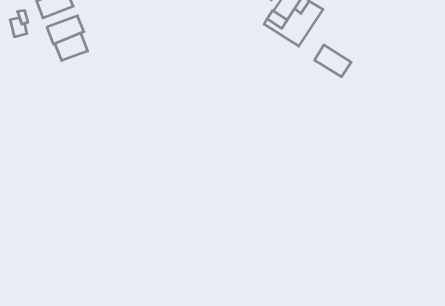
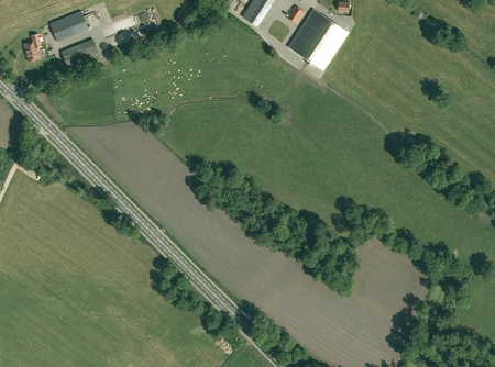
building: [55,33,88,61] -> none
building: [315,45,351,77] -> none

